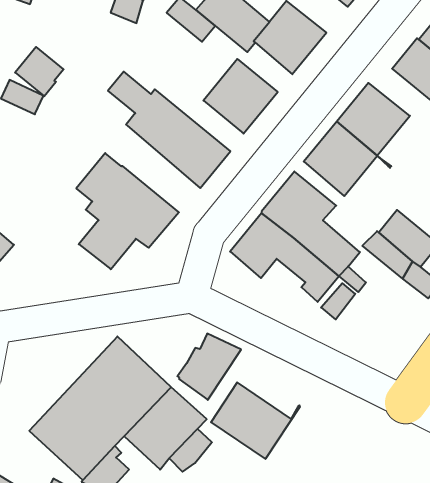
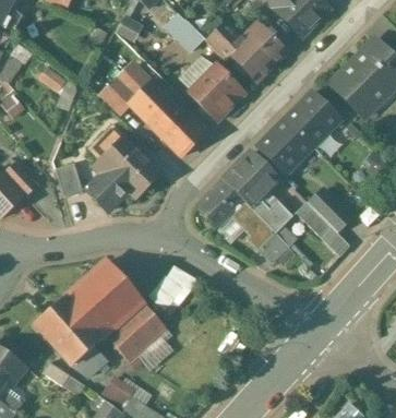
building: [15,47,64,96] -> [100,79,136,116]
building: none -> [55,163,83,198]
building: [211,382,300,459] -> none

